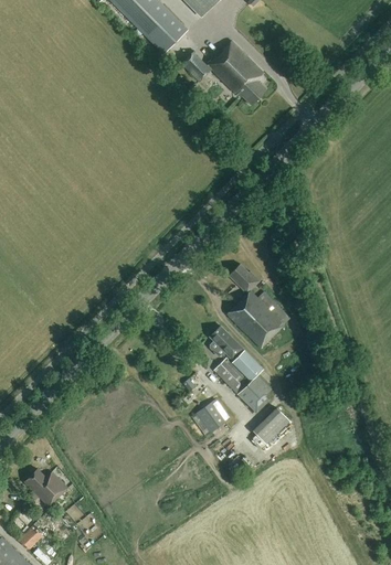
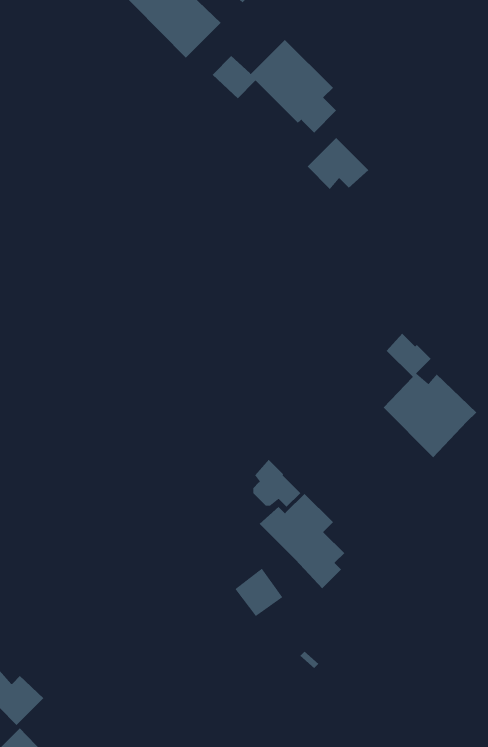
building: none -> [307,137,369,190]
building: [226,264,290,349] -> [383,333,477,458]
building: [253,407,289,444] -> none

